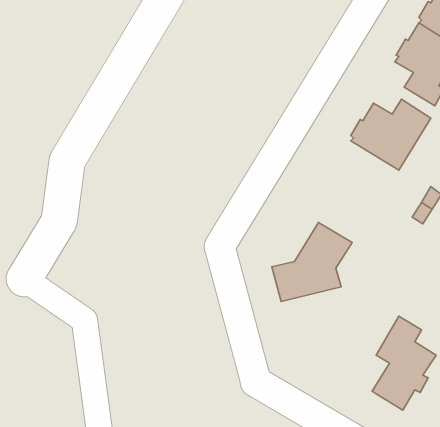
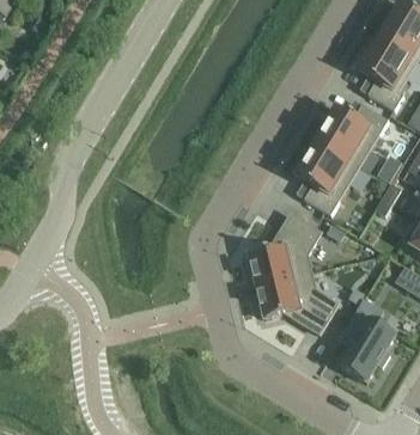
building: none -> [298,140,361,214]
building: none -> [256,270,336,331]

